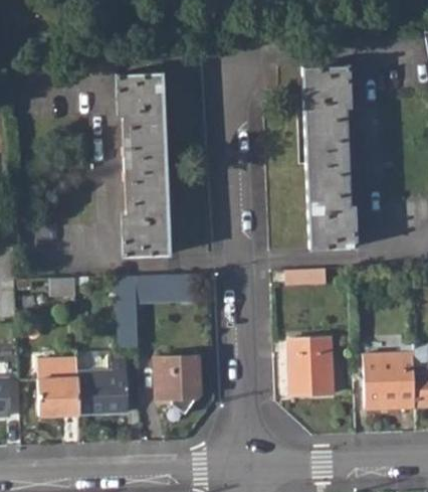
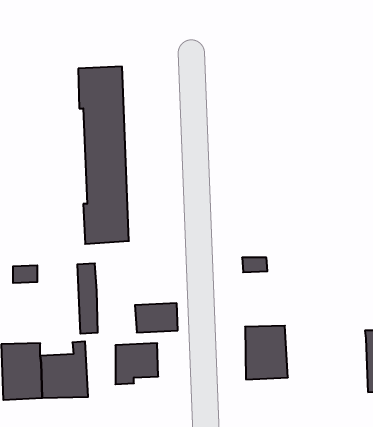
building: [304,67,357,249] -> none
building: [135,273,179,303] -> [135,303,178,332]
building: [364,352,416,409] -> none

